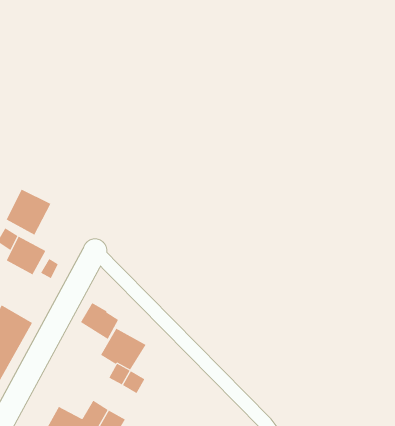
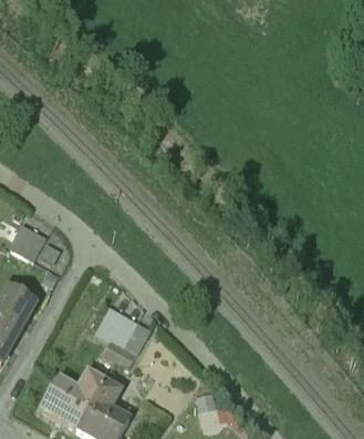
building: [6,189,51,235] -> none
building: [80,302,119,340] -> none

